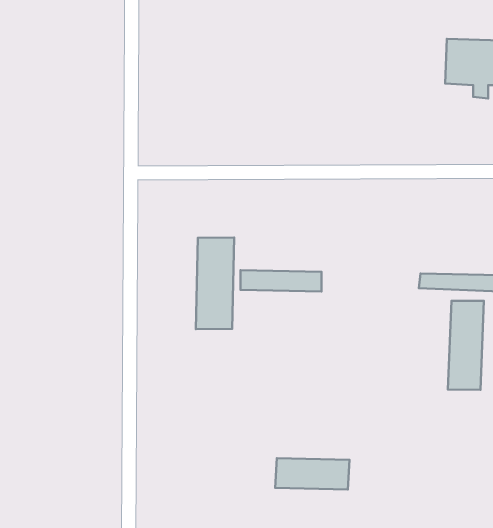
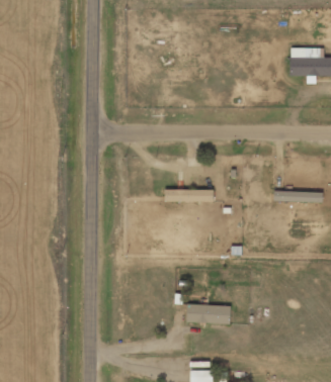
building: [196,237,234,329] -> none
building: [448,301,484,390] -> none

